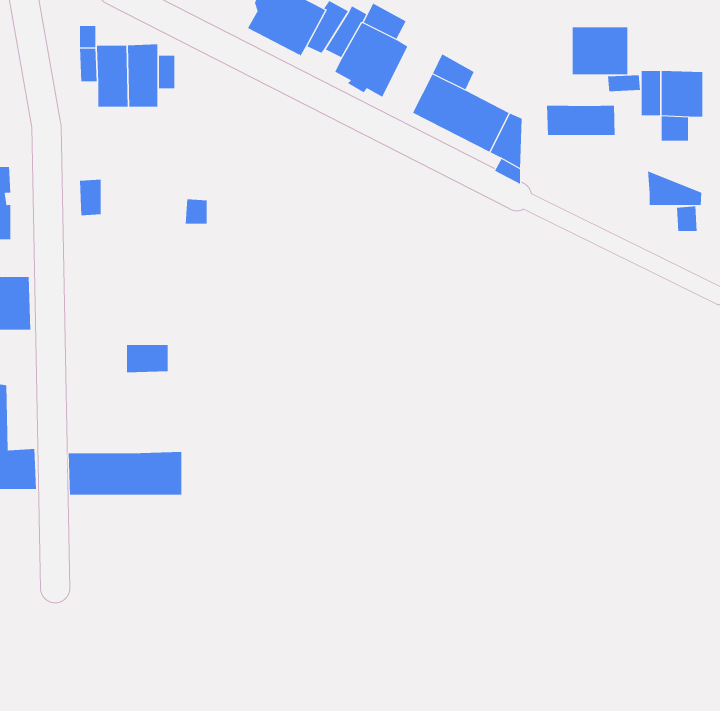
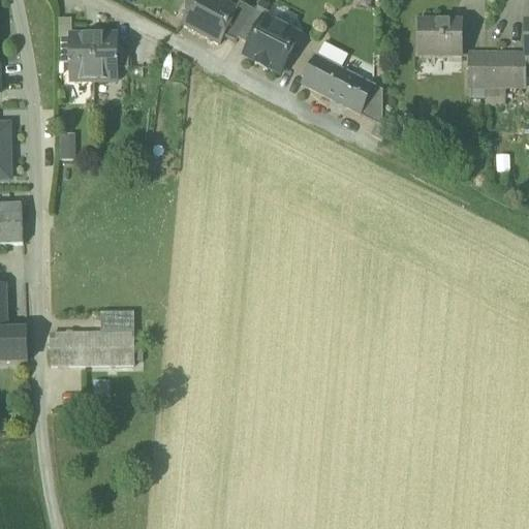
building: [547,105,615,136] -> none
building: [648,170,702,206] -> none
building: [126,345,169,373] -> [102,311,133,332]

